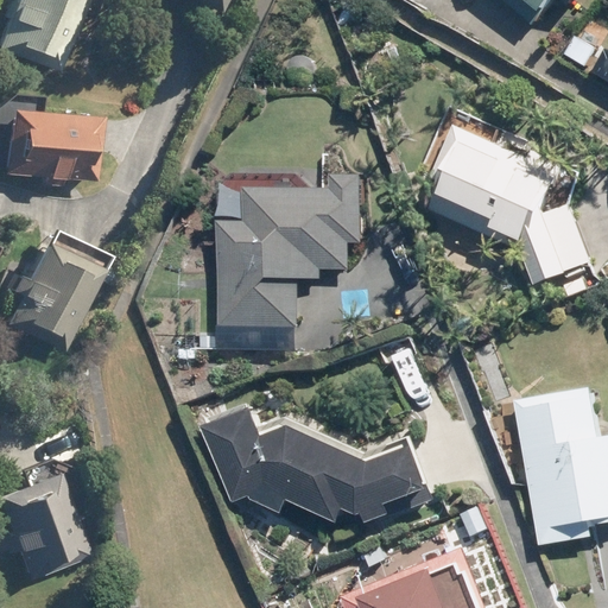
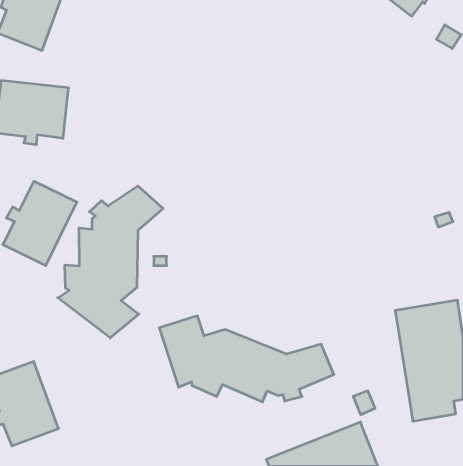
building: [429,128,588,285] -> none
building: [216,173,361,328] -> none
building: none -> [58,186,163,338]

